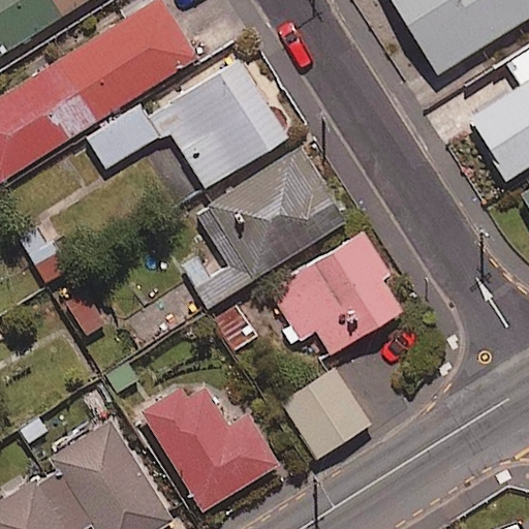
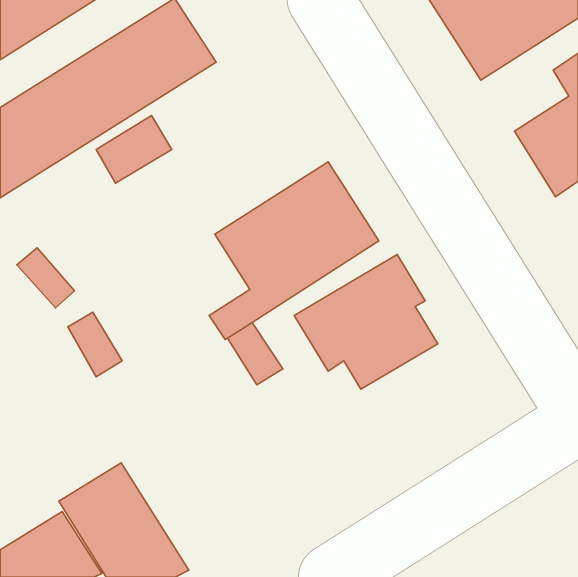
building: [158,60,286,188] -> none
building: [280,367,371,459] -> none
building: [141,383,279,512] -> none

